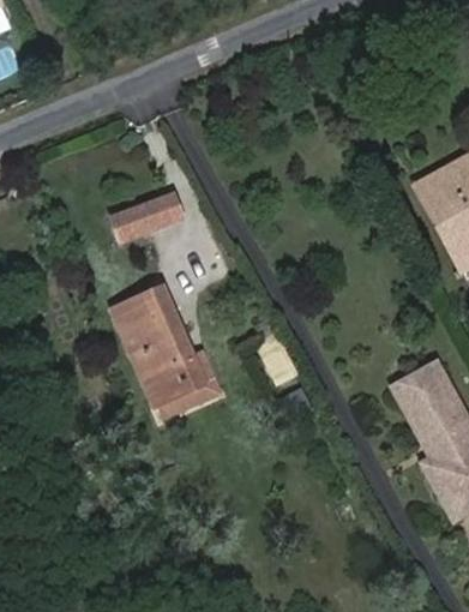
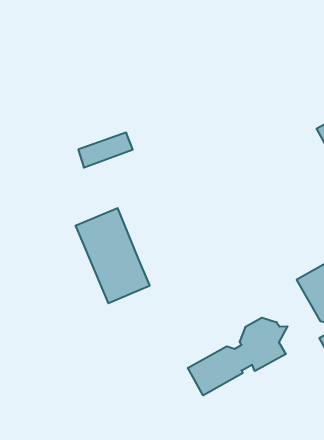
building: [152,349,220,421] -> none
building: none -> [188,318,288,395]

